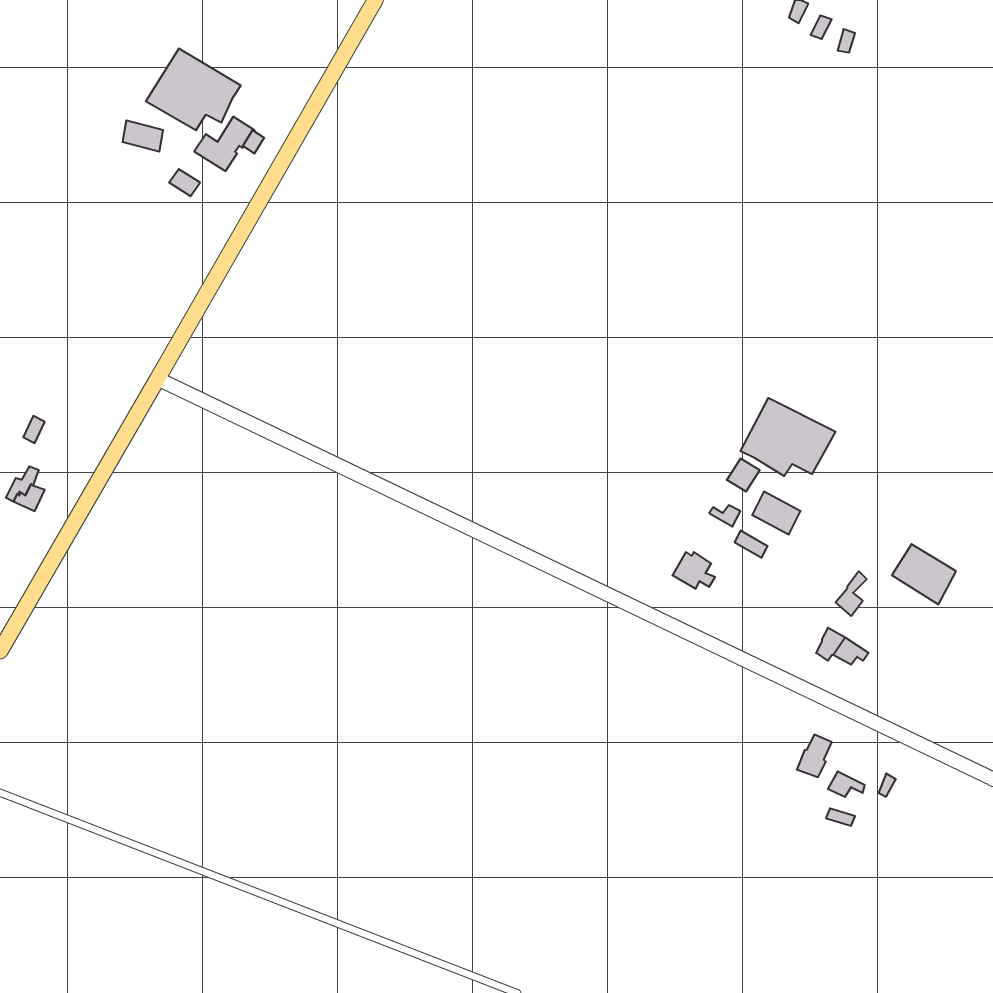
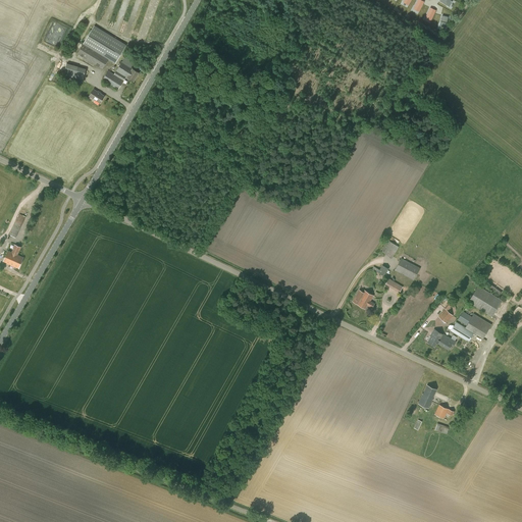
building: [740,398,835,476] -> none
building: none -> [451,311,491,342]

